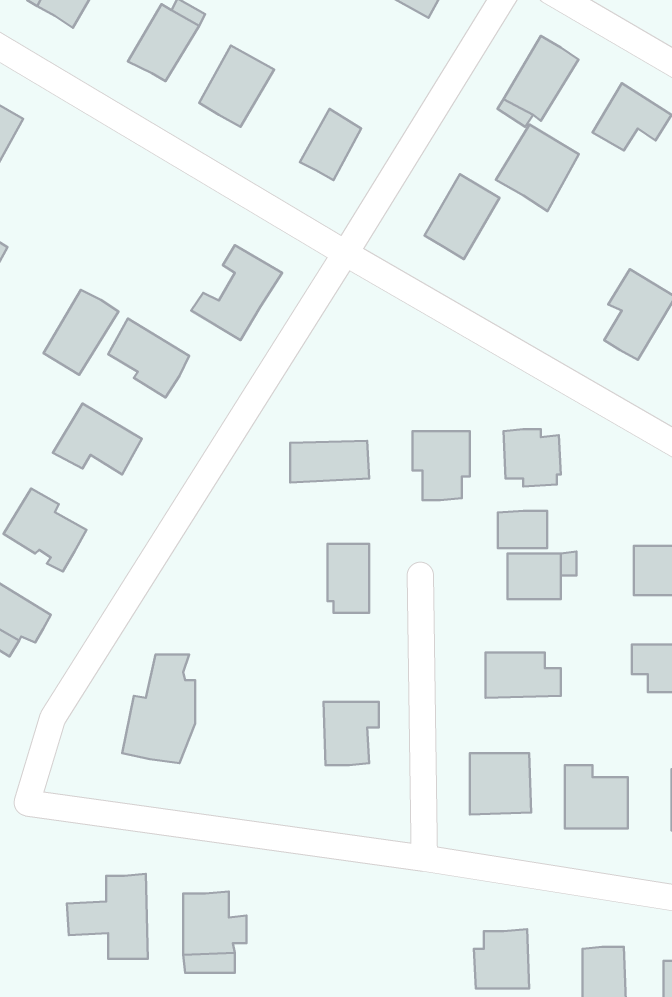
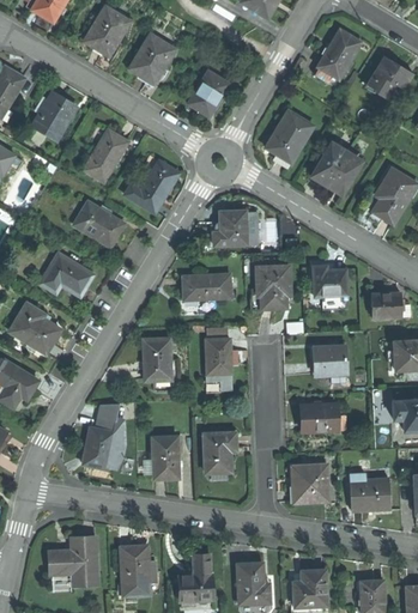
building: [496,124,579,211] -> [313,145,363,198]
building: none -> [31,93,74,140]
building: [43,290,119,375] -> [84,131,129,182]
building: none -> [212,211,254,244]
building: [498,511,547,548] -> [374,296,404,318]
building: none -> [141,338,171,378]
building: none -> [144,436,181,480]
building: none -> [180,556,214,602]
building: none -> [237,563,272,605]

